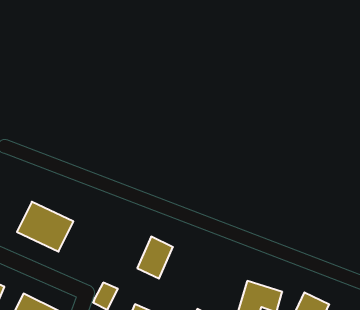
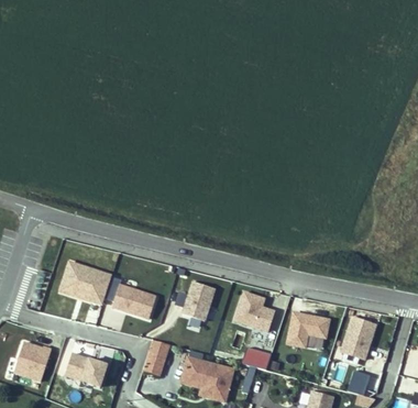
building: none -> [109,286,154,322]
building: none -> [233,294,273,332]

